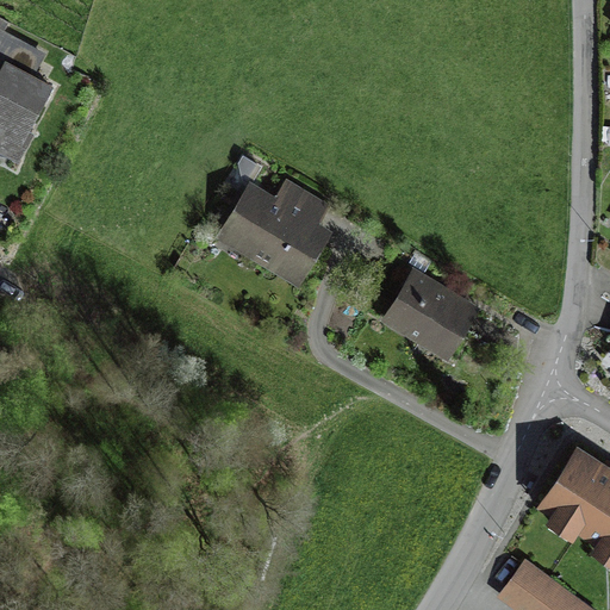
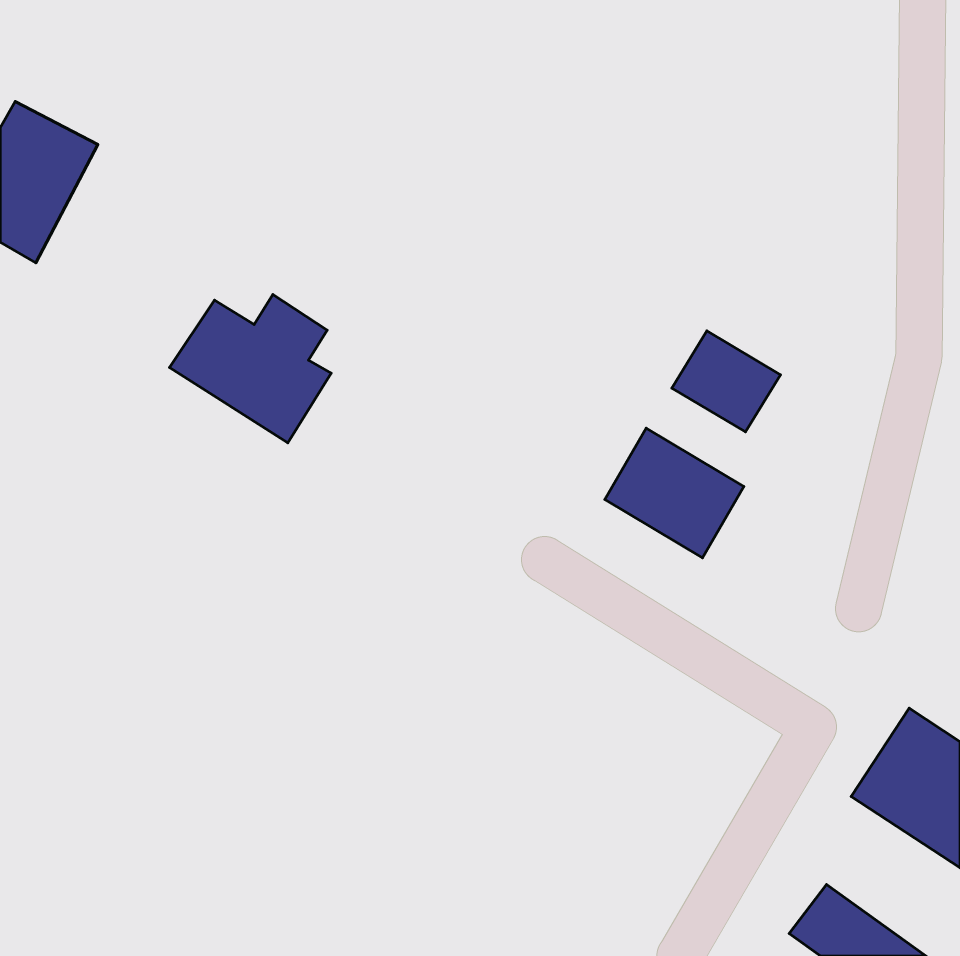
building: [220,185,323,279] -> [169,294,331,443]
building: none -> [672,331,781,432]

